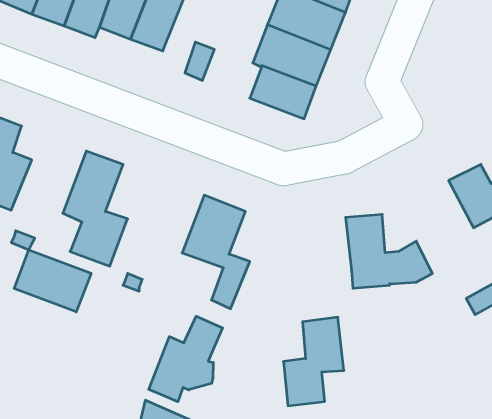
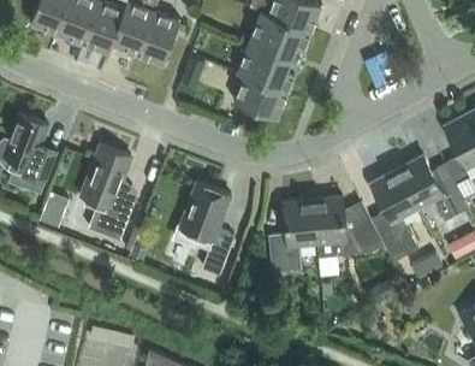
building: none -> [370,170,417,261]
building: [14,250,91,312] -> none
building: [149,316,223,402] -> none
building: [283,317,344,406] -> [268,200,317,272]

